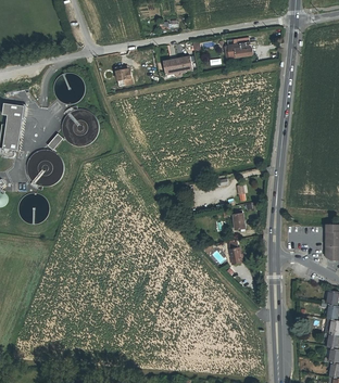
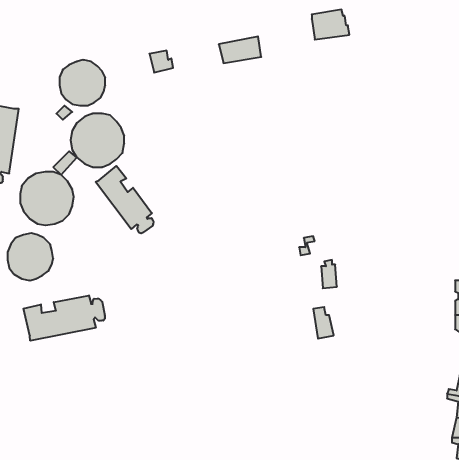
building: none -> [96,166,154,233]
building: none -> [23,295,105,341]

